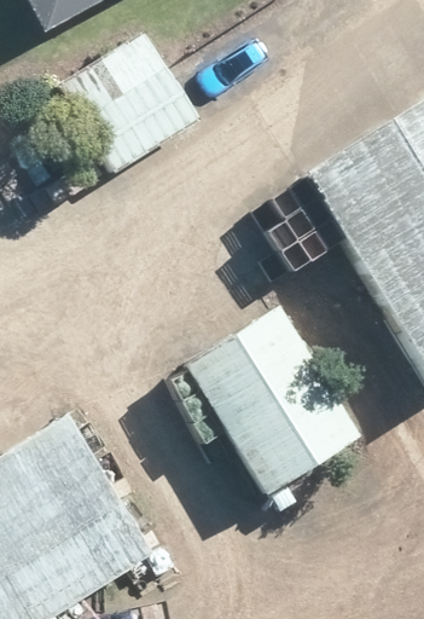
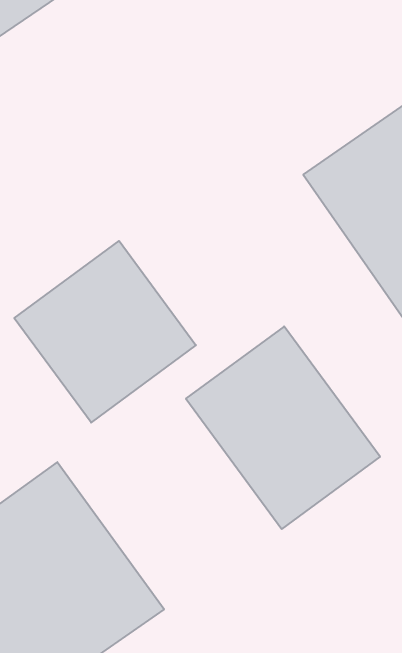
building: [59,28,197,169] -> none
building: none -> [14,241,196,423]

